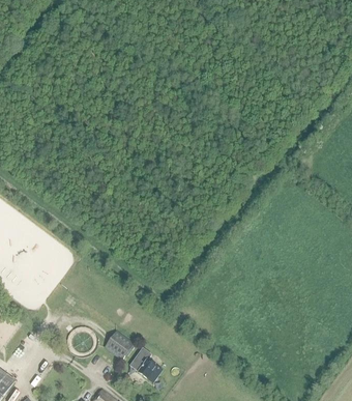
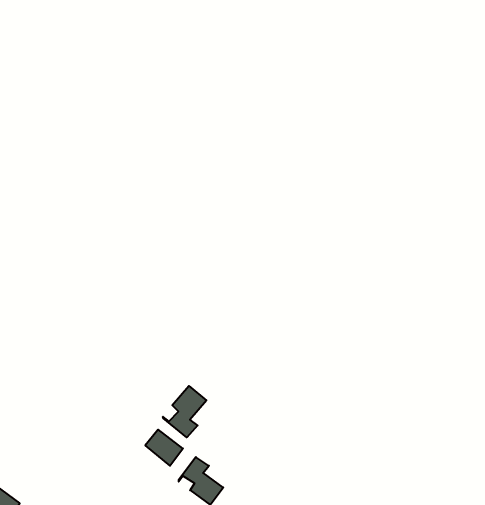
building: none -> [163,386,206,437]

